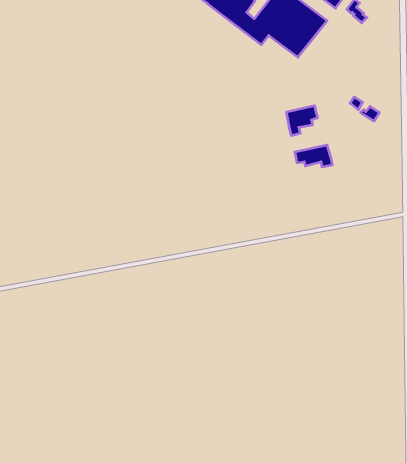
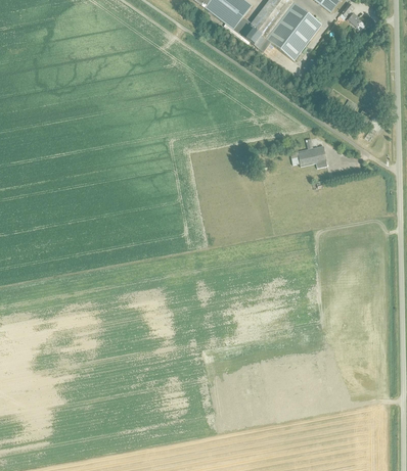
building: [287,106,317,136] -> none

